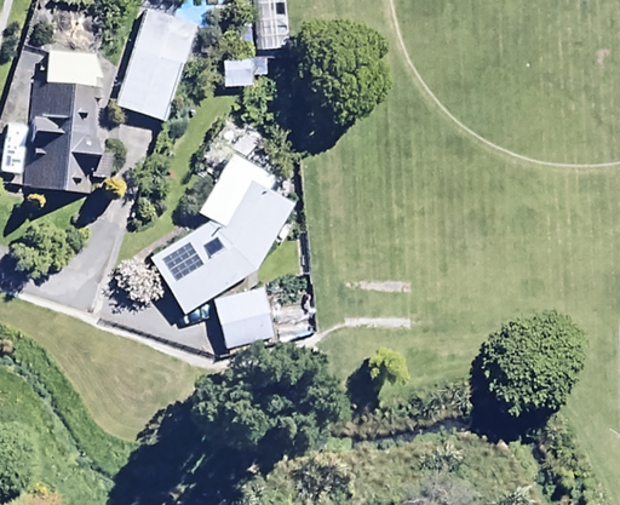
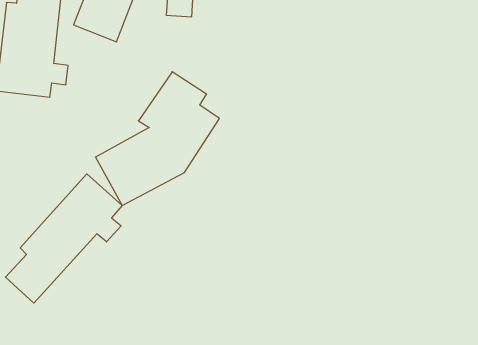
building: none -> [5,174,122,303]
building: [214,286,274,346] -> none

